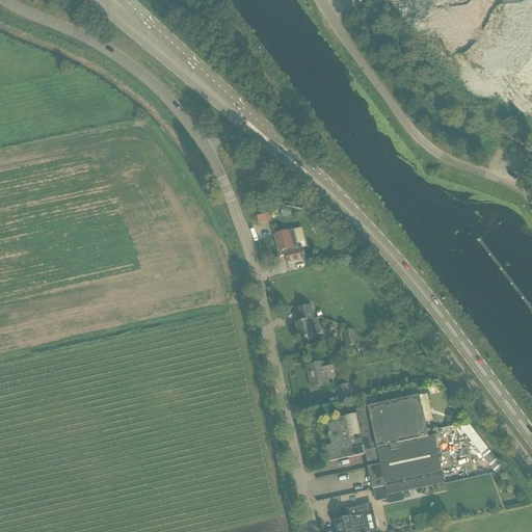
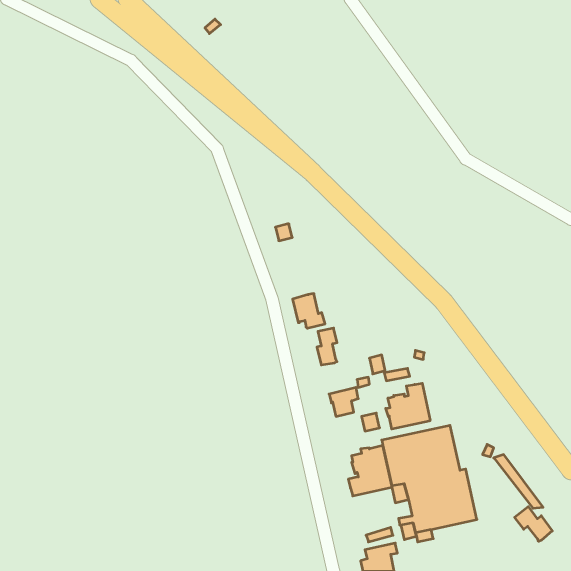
building: [273,229,303,261] -> [293,294,325,328]
building: none -> [386,383,430,429]
building: none -> [515,507,552,541]

